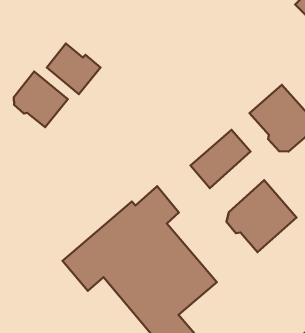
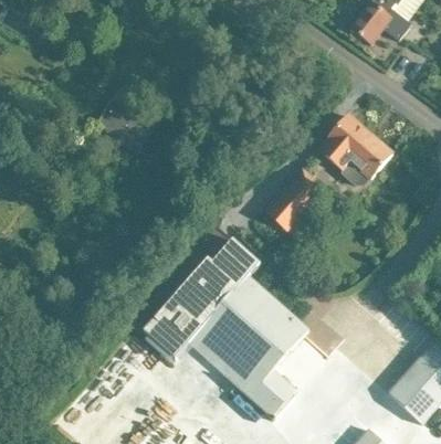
building: [14,71,68,127] -> none
building: [226,180,296,252] -> none

